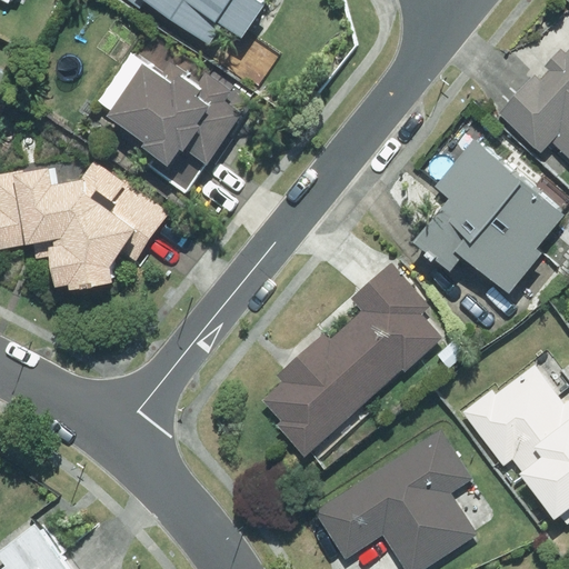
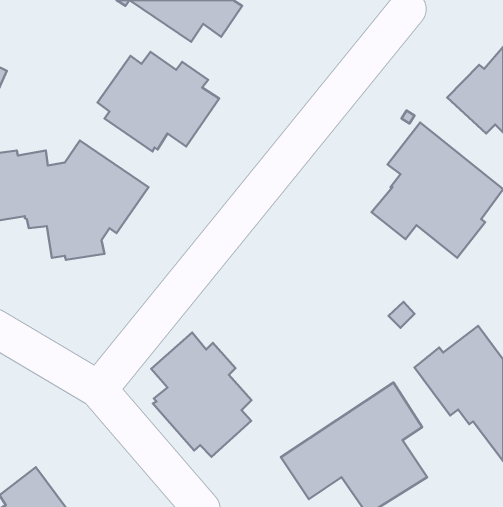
building: [261,263,441,455] -> none
building: none -> [151,333,251,457]

